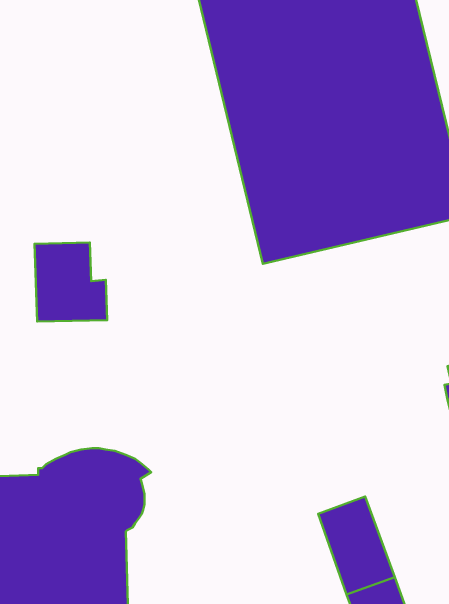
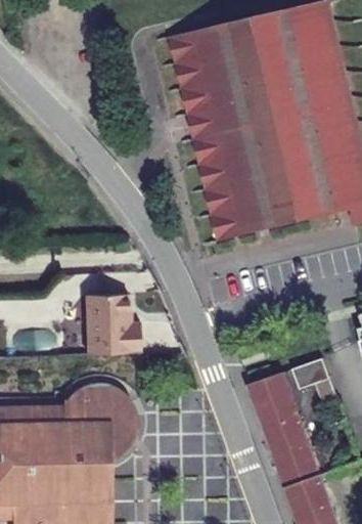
building: [35,242,107,322] -> [88,293,143,353]
building: none -> [289,363,334,409]
building: none -> [244,378,296,432]

